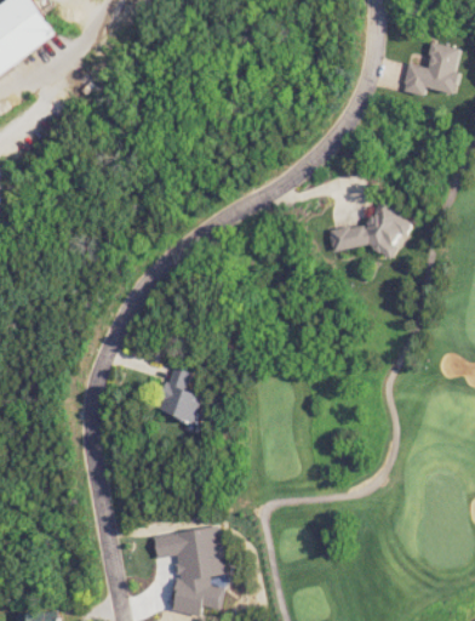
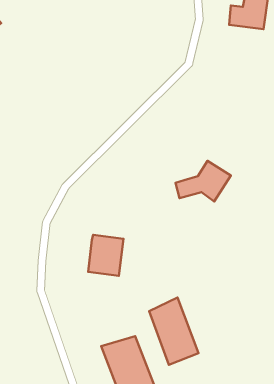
building: [327,200,410,261] -> [175,161,231,201]
building: none -> [149,298,199,365]

